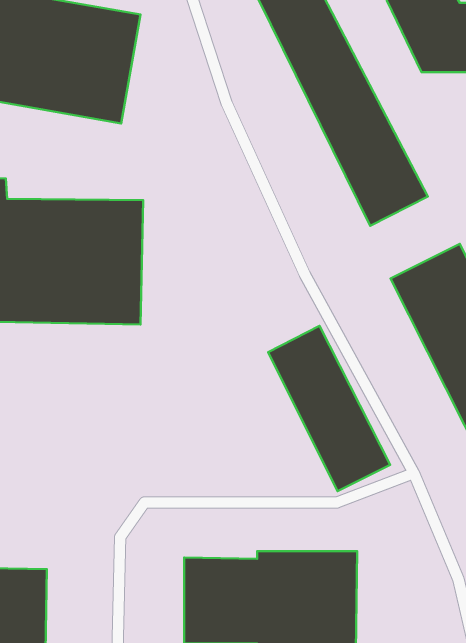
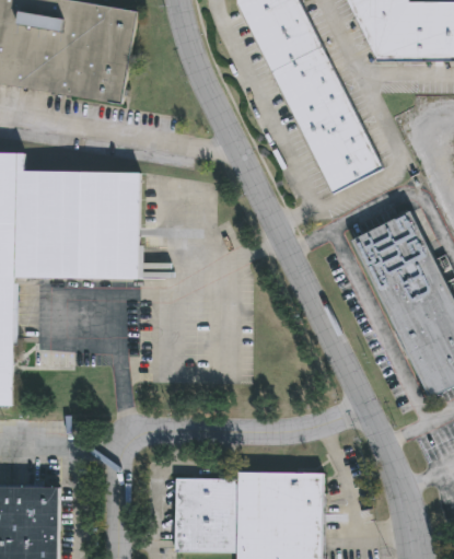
building: [268,326,390,491] -> none

